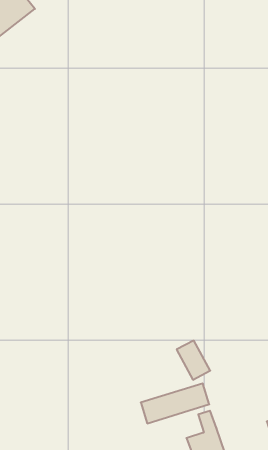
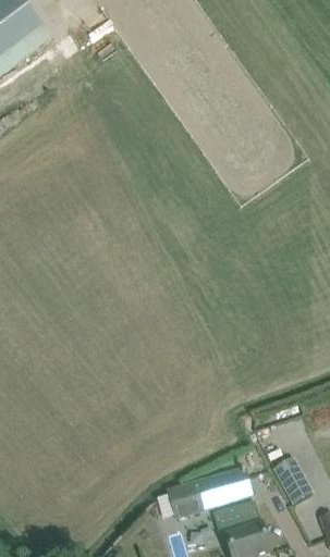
building: [177,341,210,380] -> [273,458,314,505]

